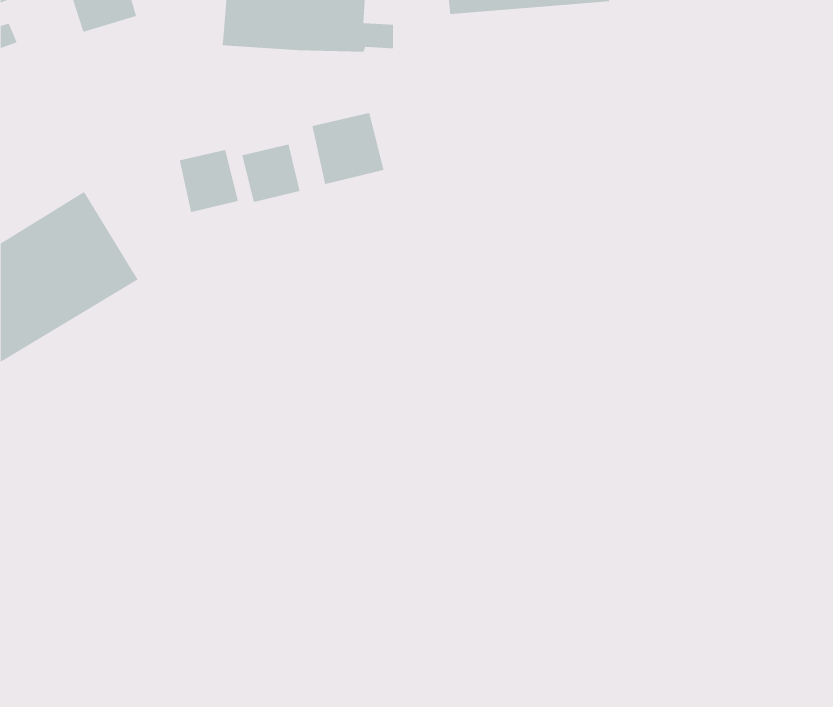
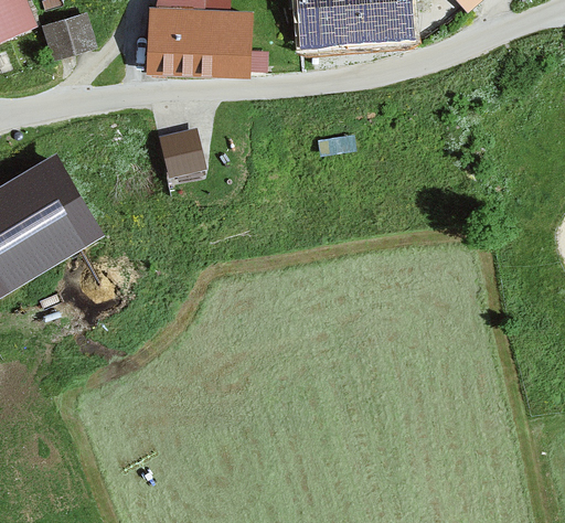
building: [312,112,384,185] -> none
building: [179,149,238,213] -> none

